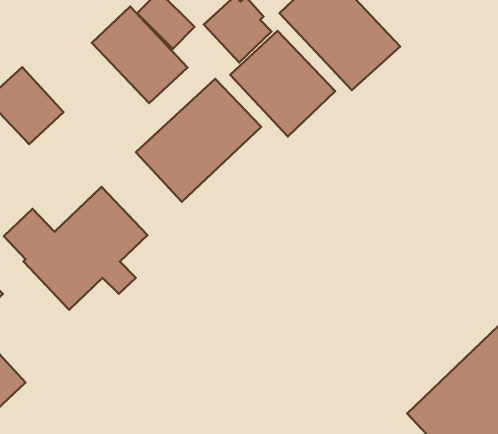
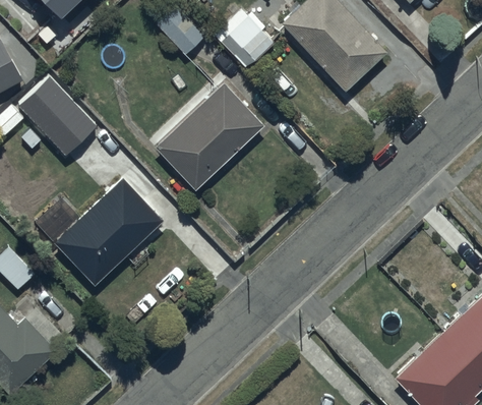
building: [92,6,187,103] -> none
building: [230,31,335,136] -> none

